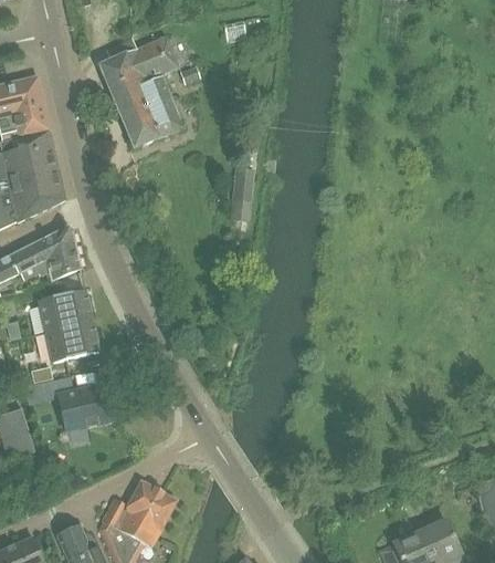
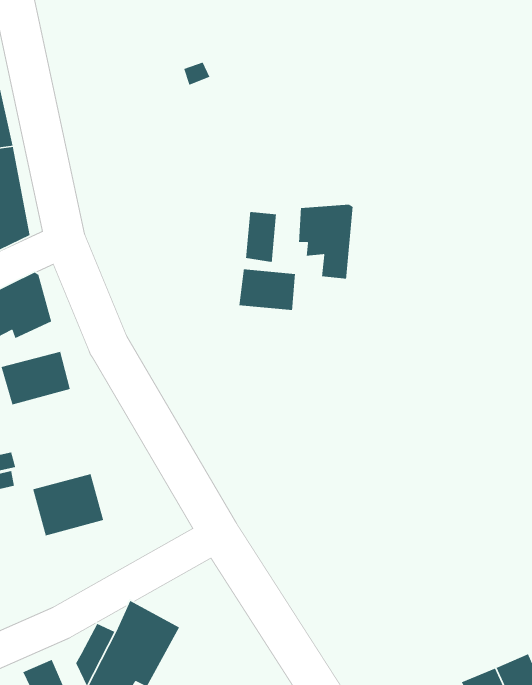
building: [98,37,182,147] -> none
building: none -> [298,204,353,279]
building: none -> [238,268,296,311]
building: [48,317,101,359] -> none

